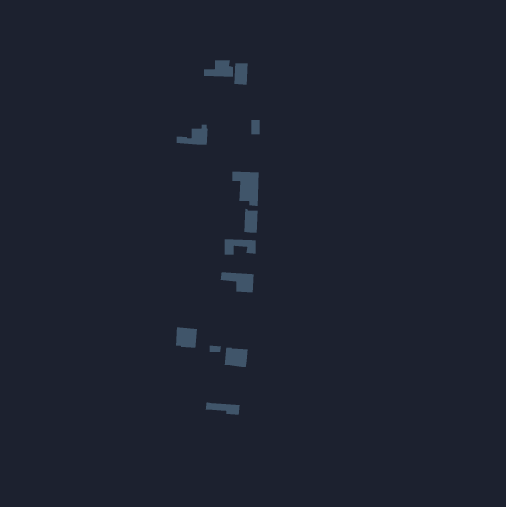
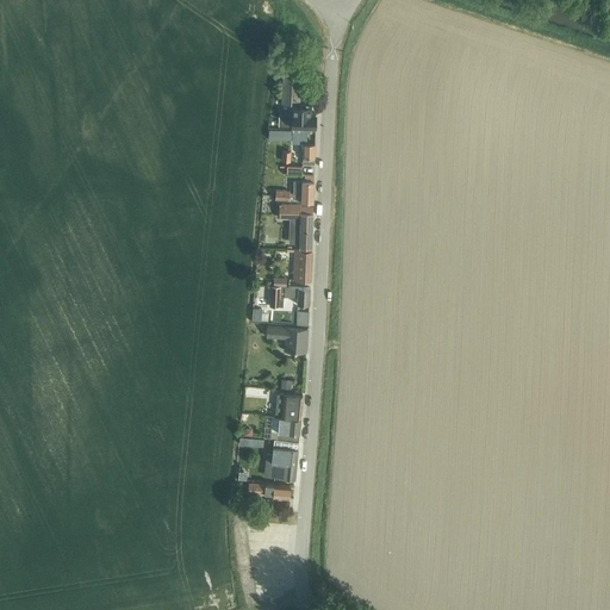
building: [203,60,234,78] -> [276,106,313,127]
building: [176,124,209,146] -> [273,176,312,203]
building: [175,327,198,349] -> [273,393,300,419]
building: none -> [264,440,295,479]

